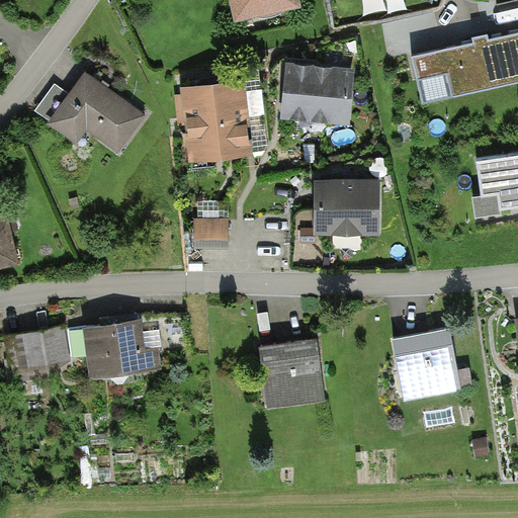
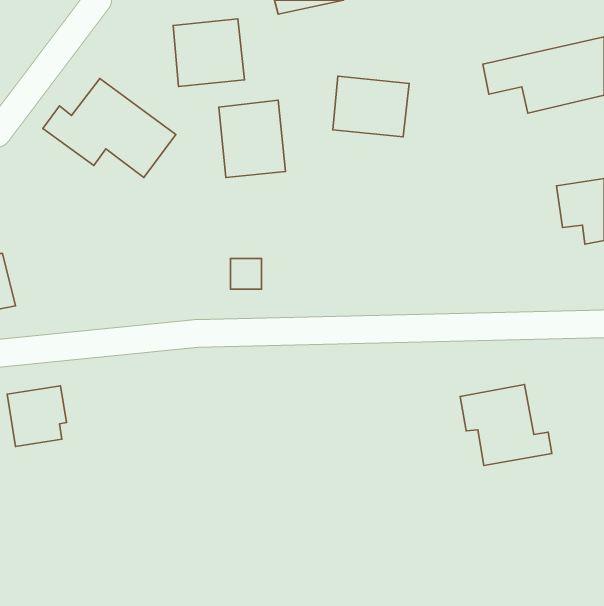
building: none -> [173,19,244,87]
building: [316,182,373,230] -> none
building: [68,322,190,377] -> none
building: [258,340,323,407] -> none

